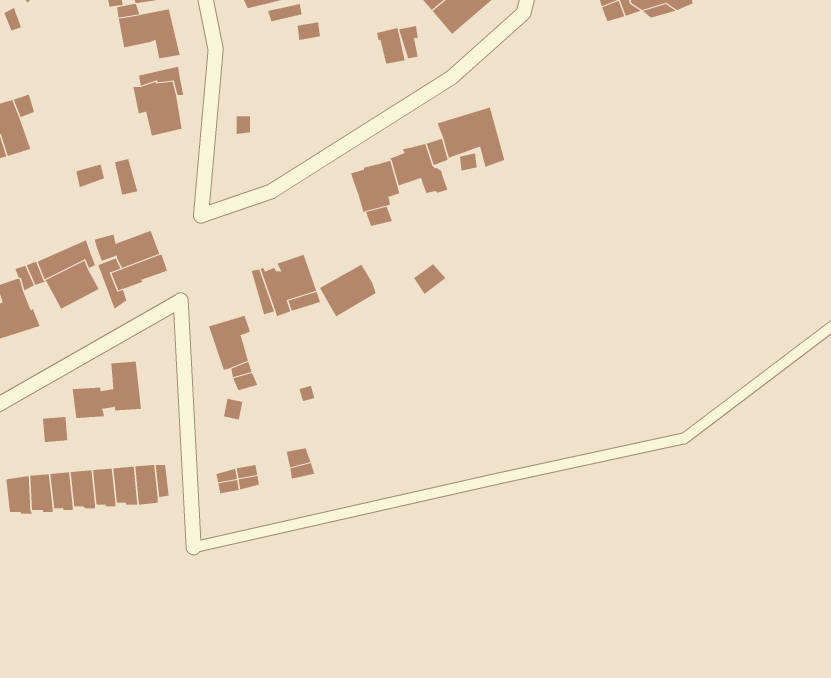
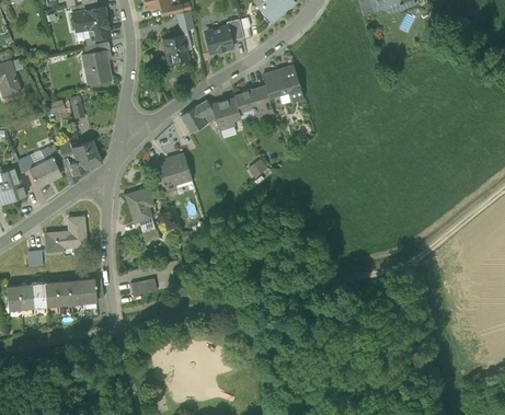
building: none -> [205,26,232,53]
building: none -> [163,35,186,64]
building: [319,264,376,317] -> [181,101,215,132]

